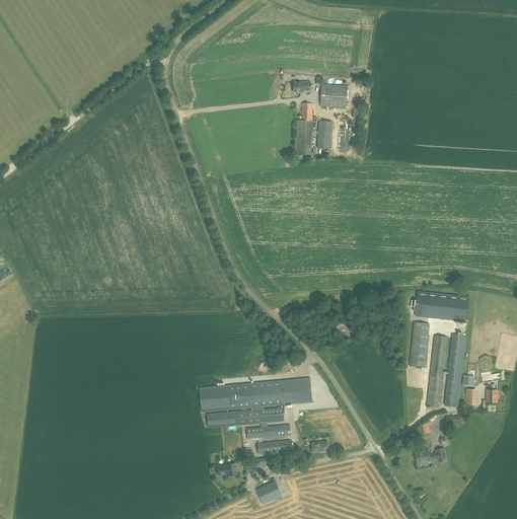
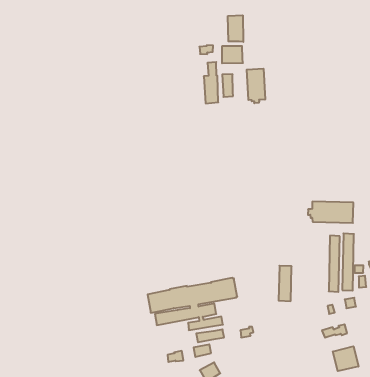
building: none -> [228,15,243,42]
building: none -> [247,69,265,103]
building: [409,321,429,367] -> [279,266,292,301]
building: none -> [333,346,358,371]

